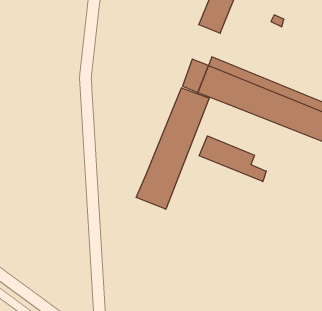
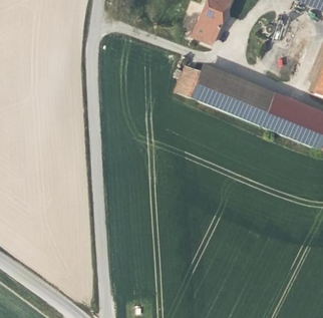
building: [136,88,209,209] -> none
building: [199,136,266,182] -> none

